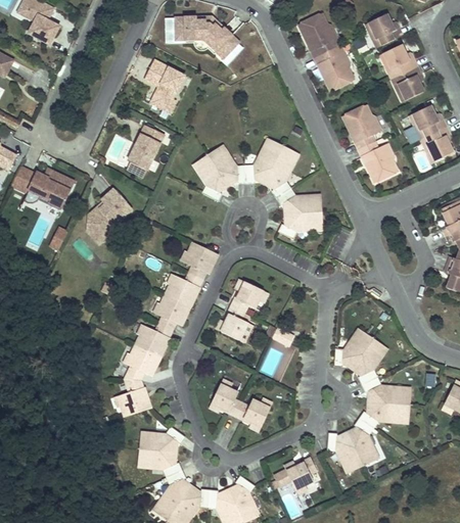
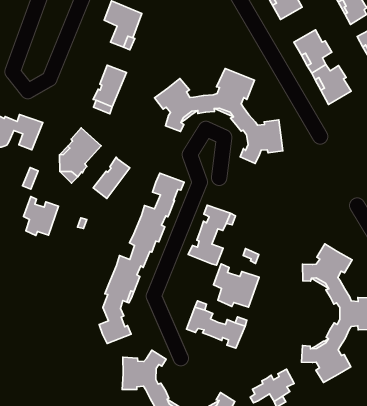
building: none -> [93,157,130,198]
building: none -> [24,196,59,236]
building: none -> [214,264,259,307]

